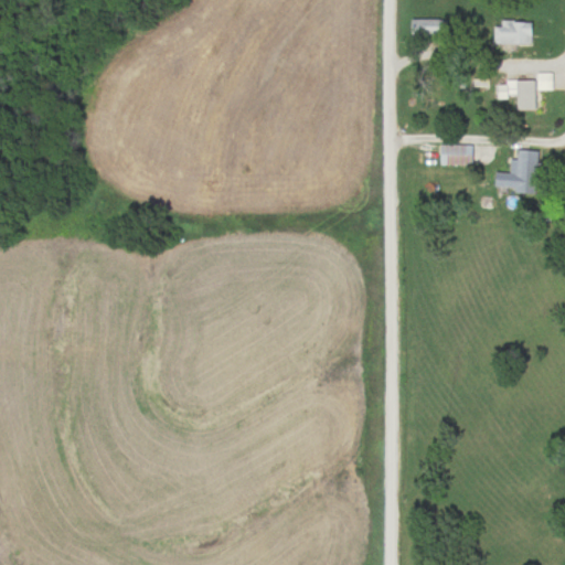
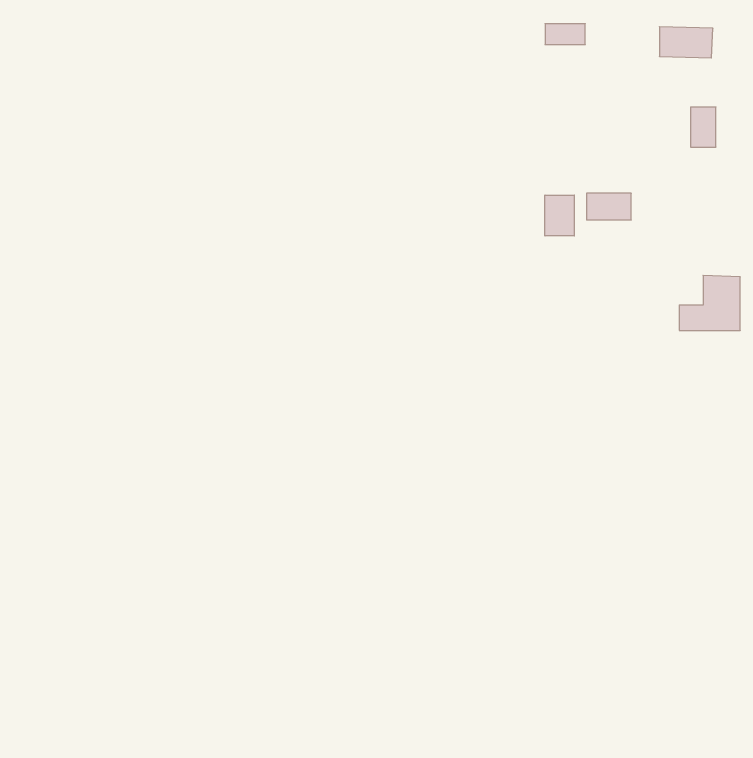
building: none -> [545,195,574,236]
building: [495,150,541,191] -> [679,275,740,330]

